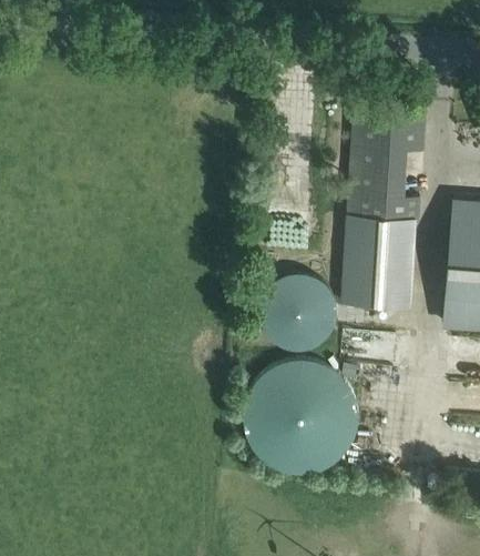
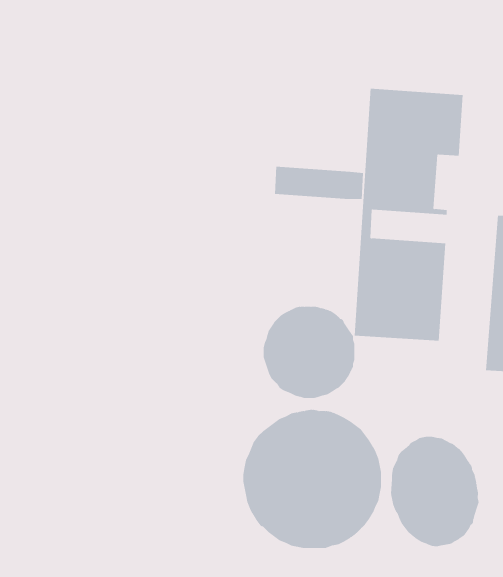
building: [350,195,425,223] -> [274,166,364,200]
building: none -> [391,436,479,547]

